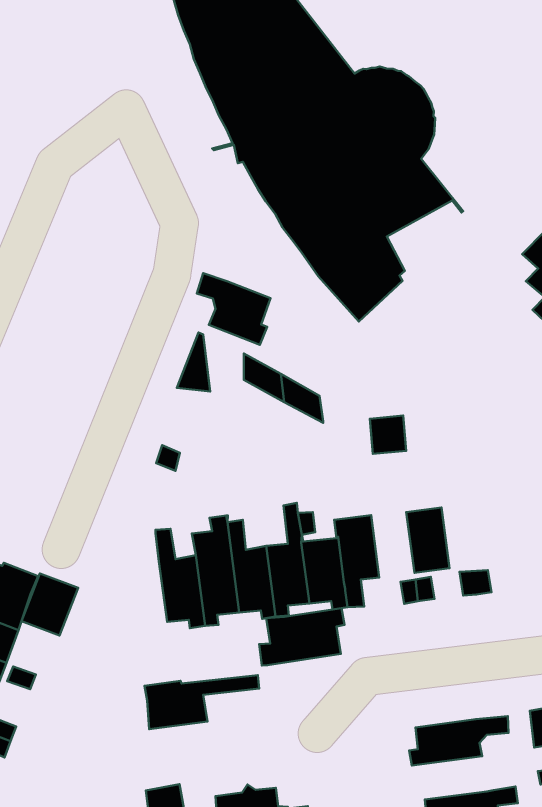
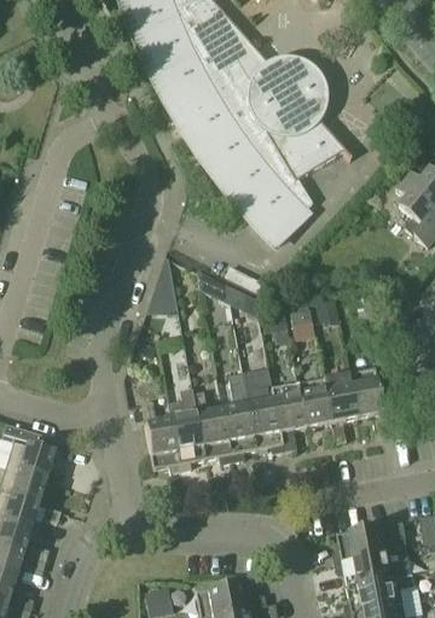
building: [197,273,271,345] -> none
building: none -> [347,369,382,418]
building: none -> [296,379,330,427]
building: [21,573,78,636] -> none
building: [259,608,345,666] -> none
building: [144,675,259,729] -> none
building: none -> [336,549,412,587]

